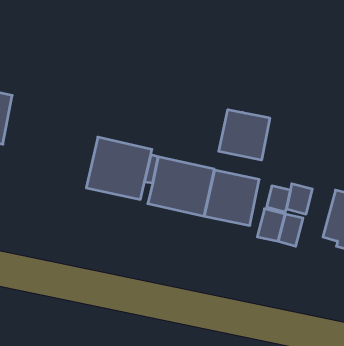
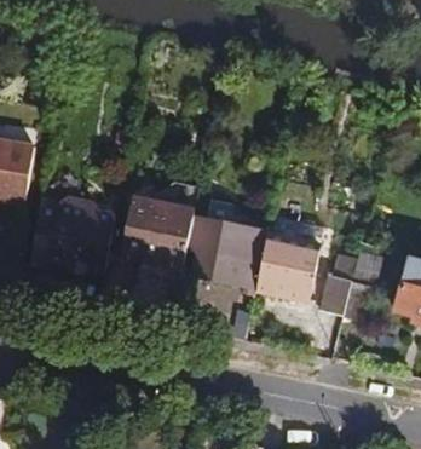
building: [219,110,270,160] -> none
building: none -> [30,197,117,274]

